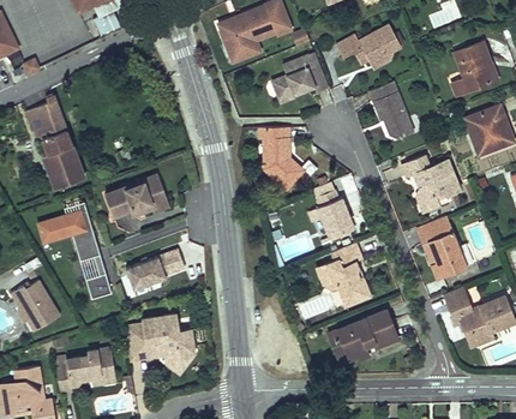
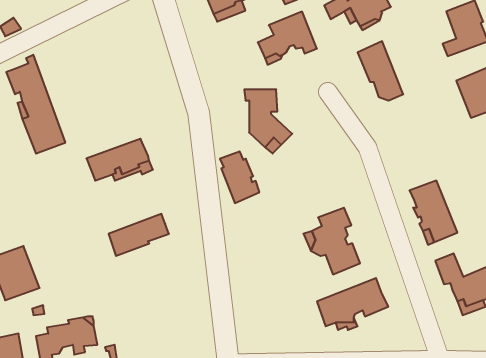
building: [401,155,461,213] -> none
building: [316,190,354,240] -> [220,151,259,203]
building: [36,203,109,299] -> none
building: [124,313,194,363] -> none

